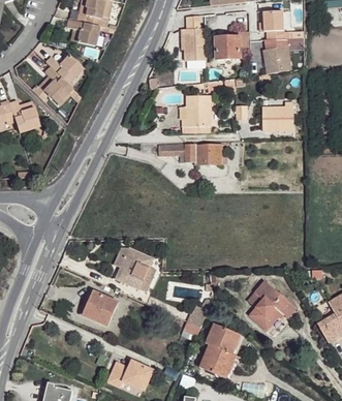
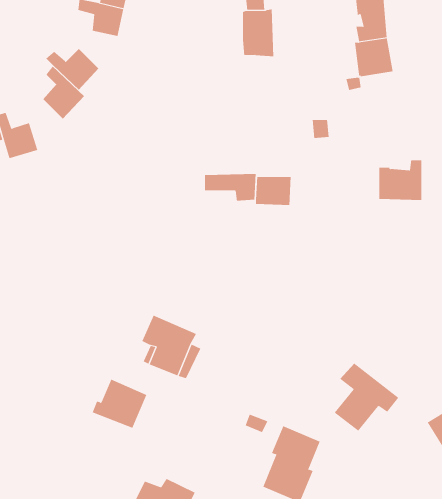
building: [216,33,249,60] -> none
building: [177,96,209,128] -> none
building: [261,103,292,132] -> [379,160,422,201]

